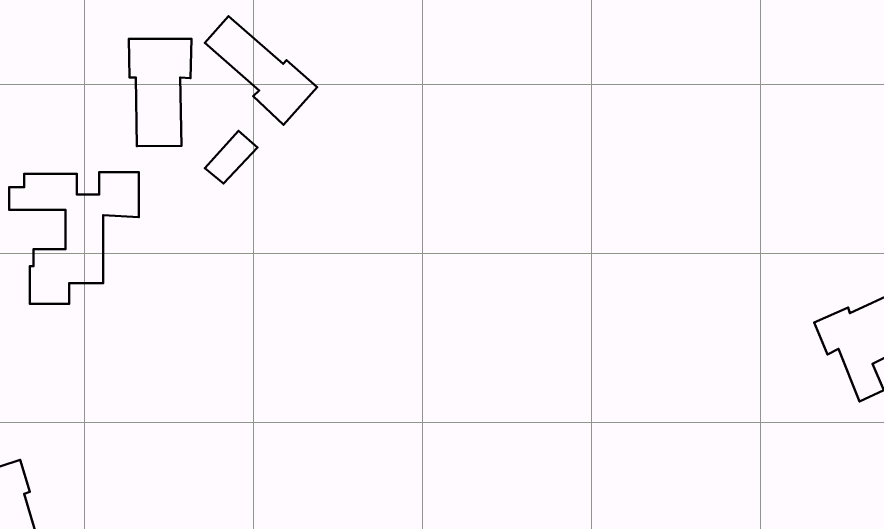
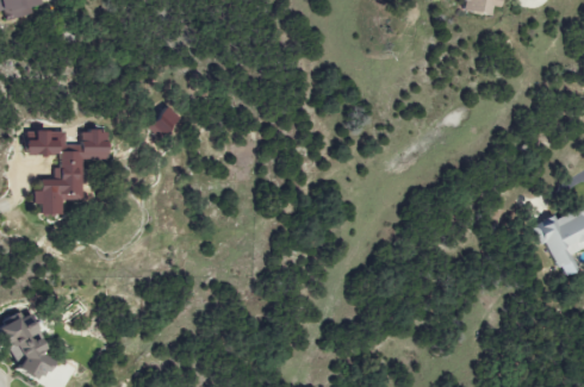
building: [205,16,317,125] -> none
building: [129,39,191,146] -> none

